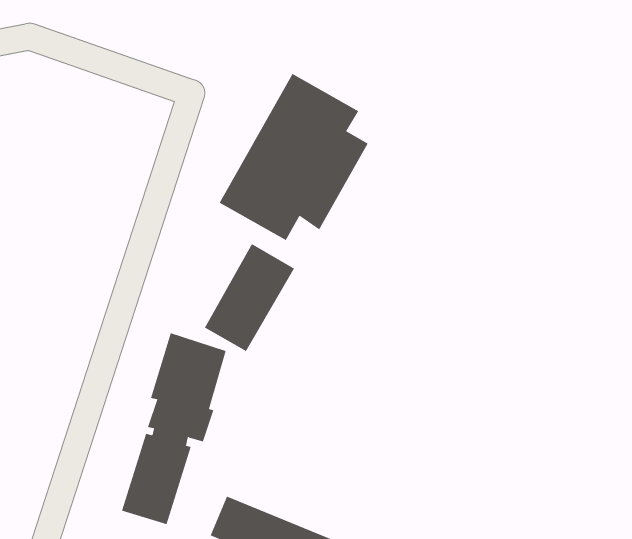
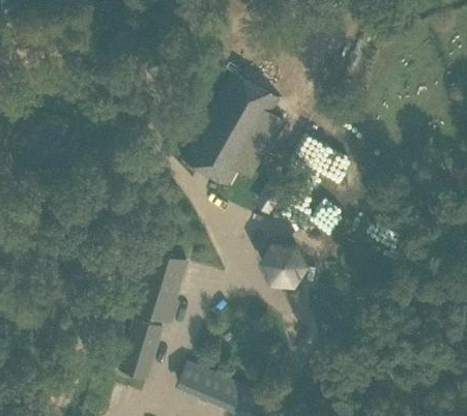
building: [204,243,295,352] -> none
building: none -> [254,238,307,290]

